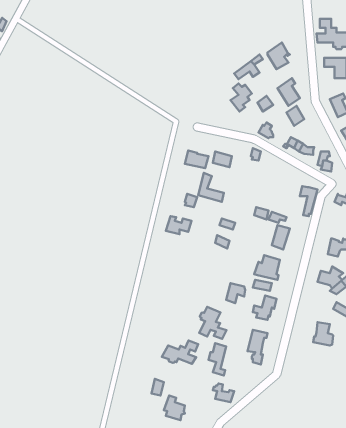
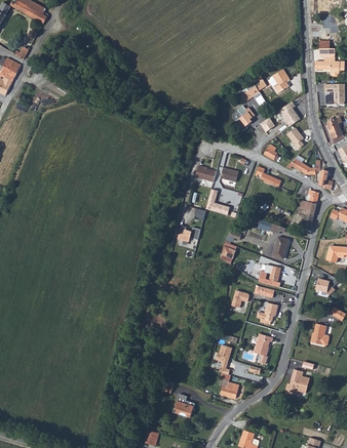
building: [199,307,226,339] -> none
building: [162,341,198,364] -> none
building: none -> [283,367,308,394]

